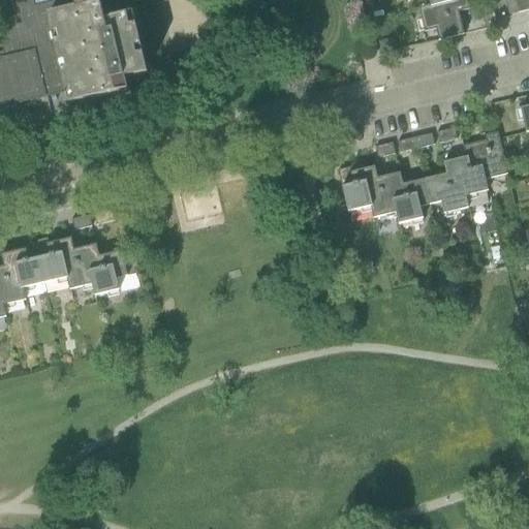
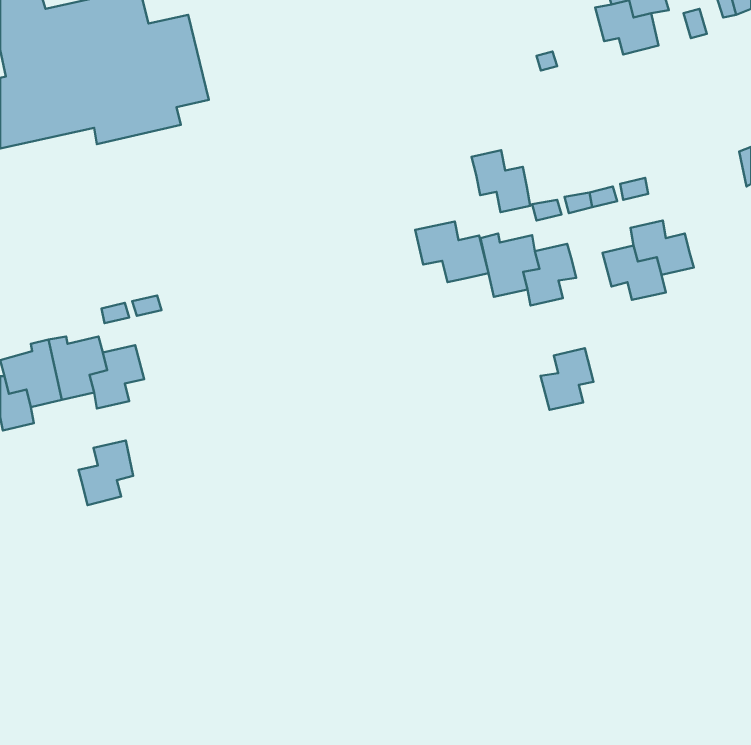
building: none -> [472,150,530,212]
building: [463,130,507,177] -> none
building: none -> [415,222,489,282]
building: [393,178,430,221] -> [541,348,594,410]
building: [88,249,126,294] -> [79,441,133,505]

